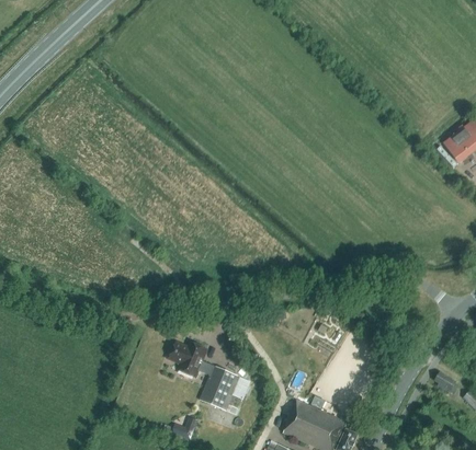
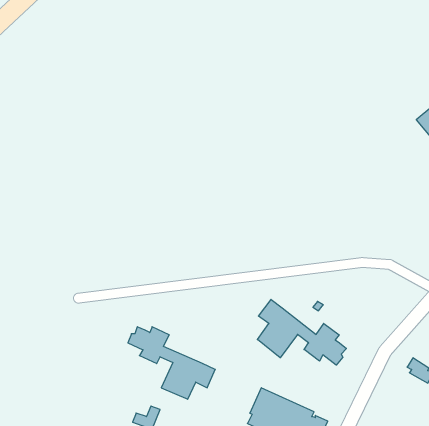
building: none -> [257,299,346,365]

